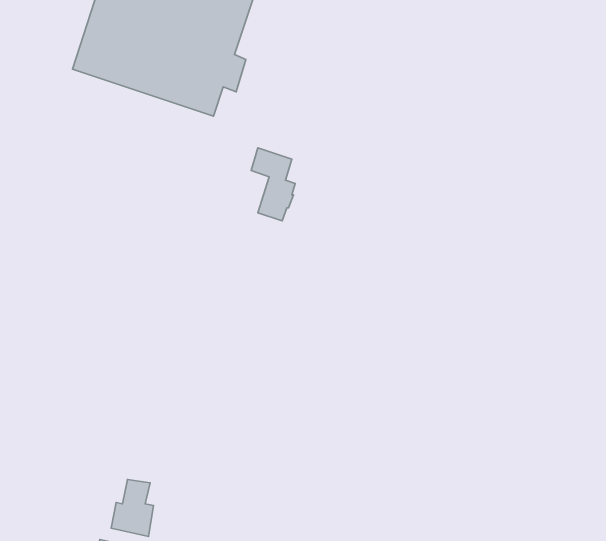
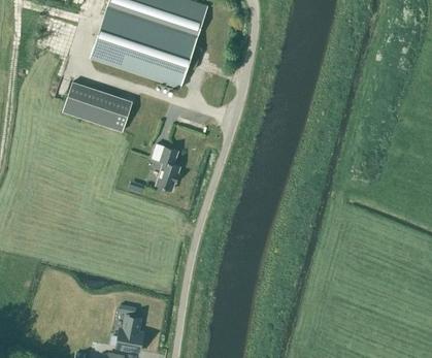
building: none -> [62,83,131,132]
building: [251,148,295,221] -> [152,144,179,191]

